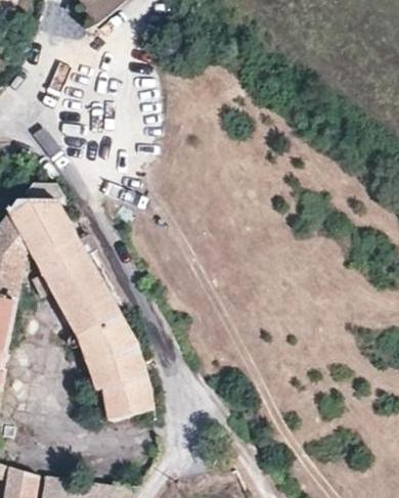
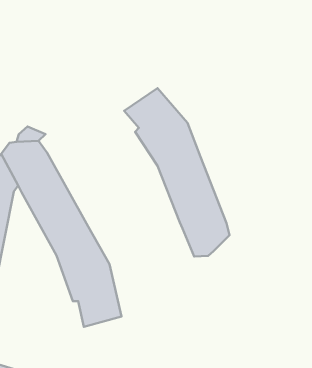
building: none -> [124,88,229,257]

